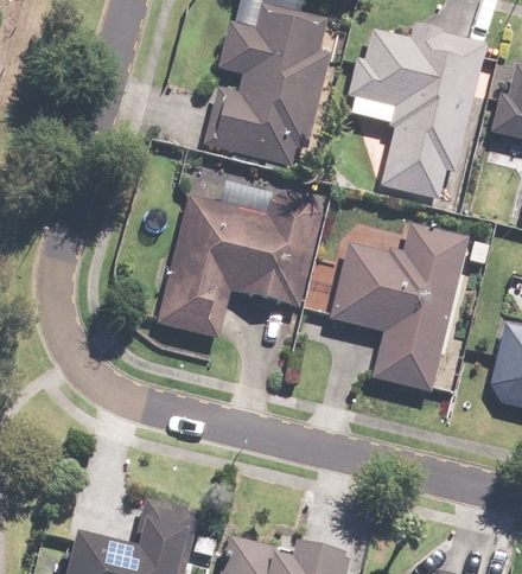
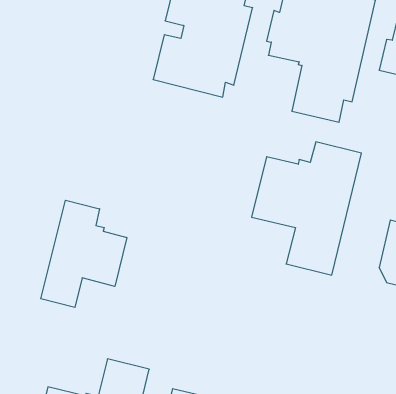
building: [157,181,323,338] -> none
building: none -> [41,200,127,307]

